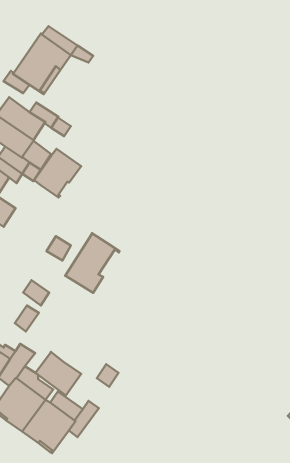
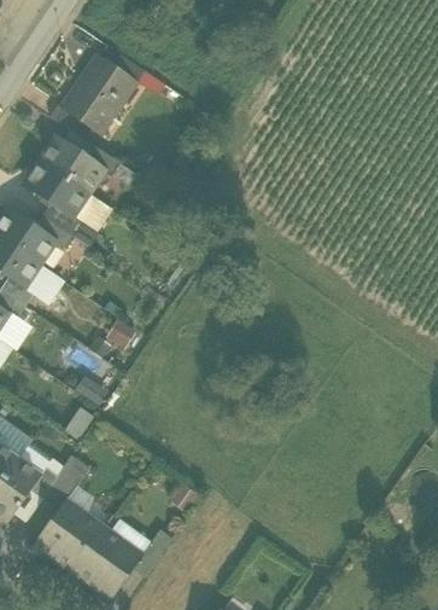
building: [34,149,81,197] -> none
building: [65,233,119,293] -> none
building: [36,352,81,396] -> none

